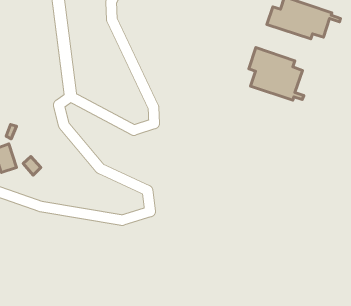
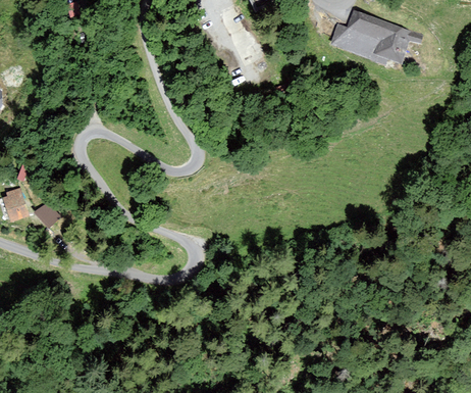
building: [249,47,304,100] -> none

